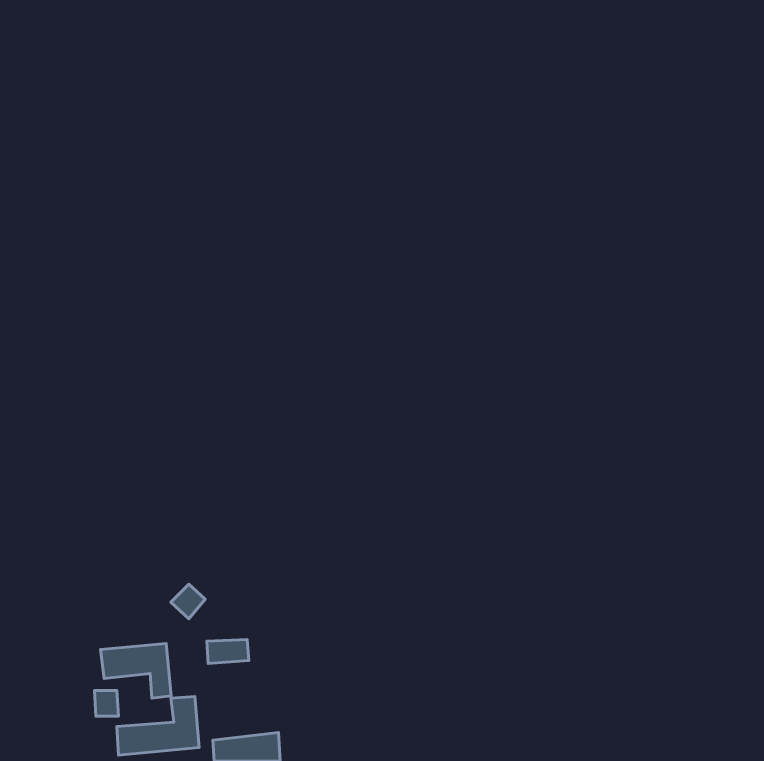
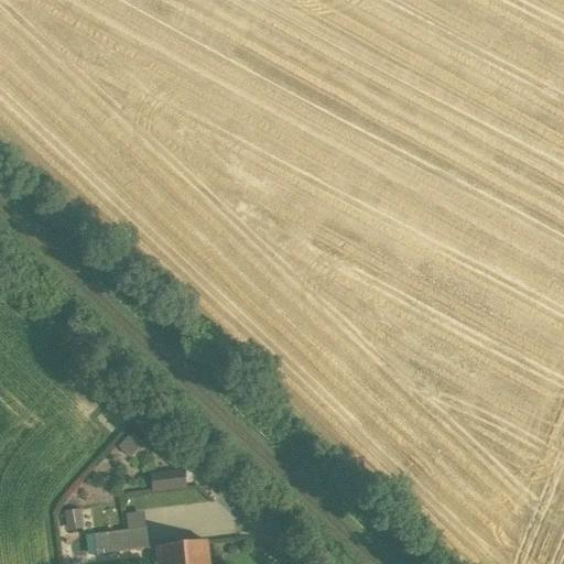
building: [101,644,171,698] -> none

